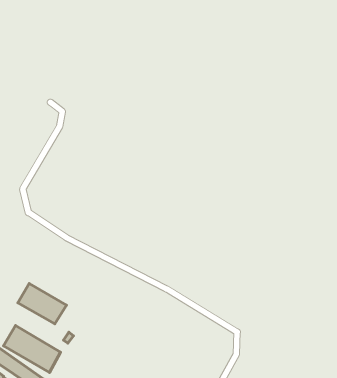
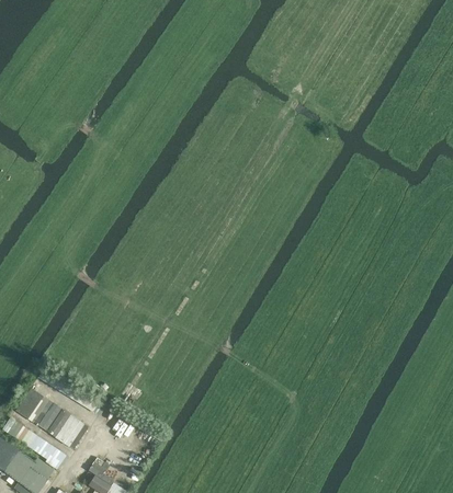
building: [18,283,66,324] -> none

